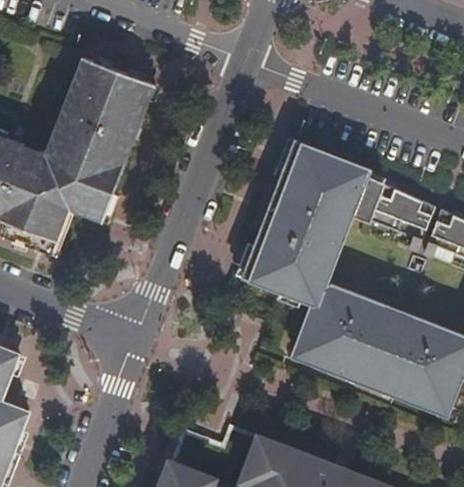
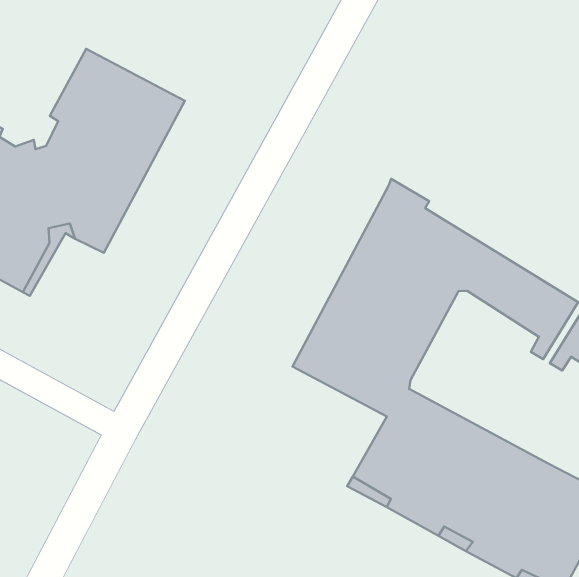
building: [73,54,154,107] -> none

